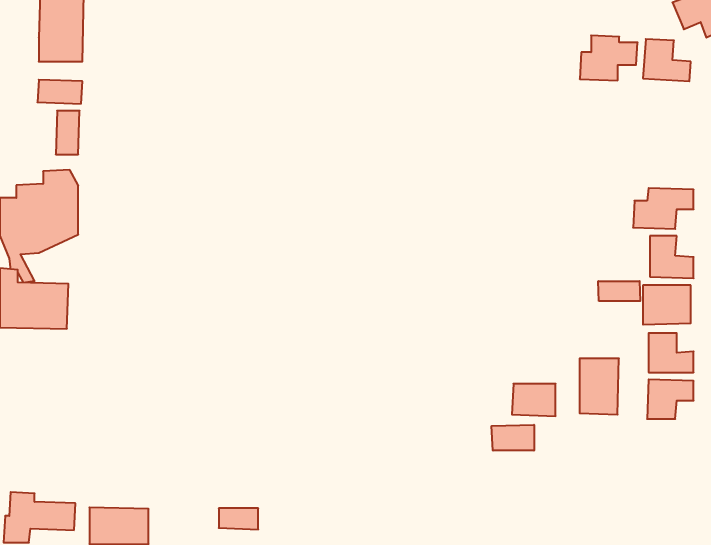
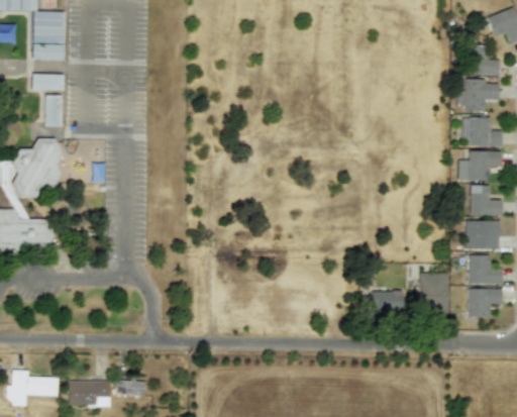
building: [580,35,638,80] -> [457,78,499,110]
building: none -> [461,117,502,145]
building: [598,281,640,301] -> none
building: [492,425,534,451] -> none
building: [219,508,258,529] -> [117,380,145,395]

